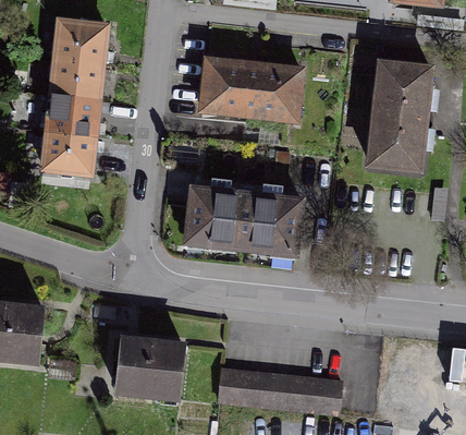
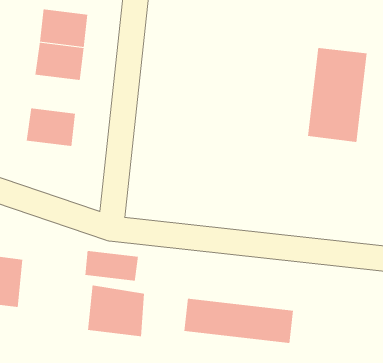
building: [204,56,305,122] -> none
building: [45,96,102,141] -> none
building: [181,192,292,258] -> none
building: none -> [85,250,139,282]

